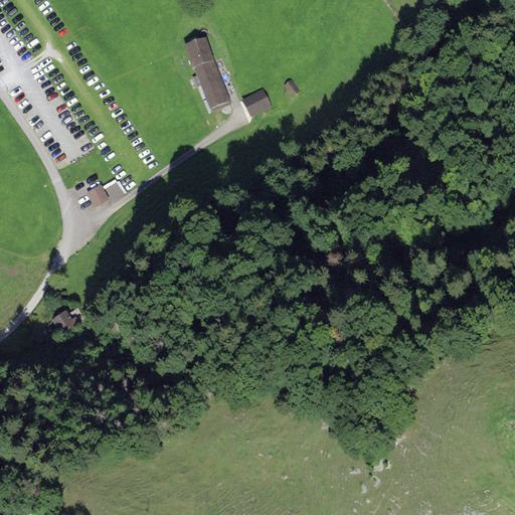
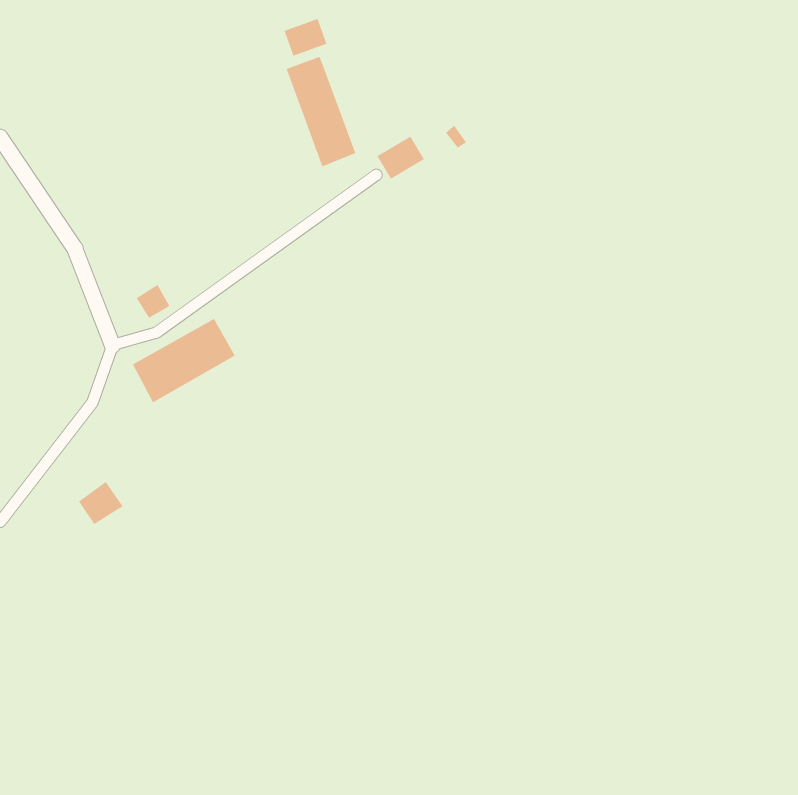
building: none -> [284,18,327,57]
building: none -> [132,318,236,403]

